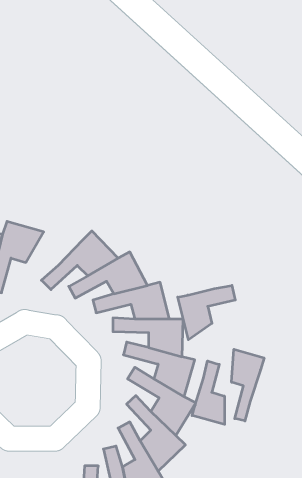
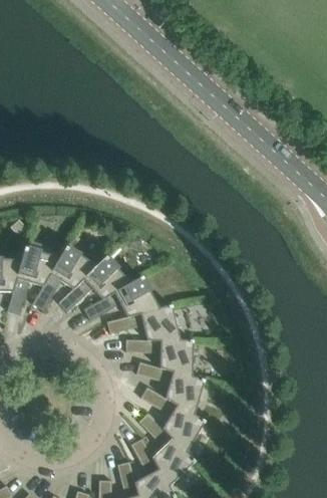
building: none -> [32,245,97,310]
building: [178,285,235,340] -> none
building: [232,349,264,421] -> none
building: [192,361,225,424] -> none

